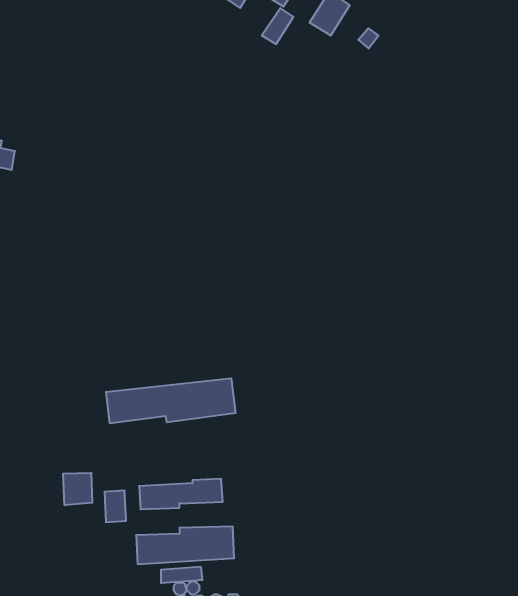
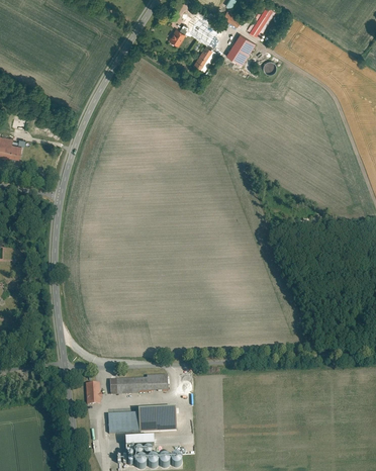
building: [106,378,236,423] -> none
building: [63,473,92,505] -> none

